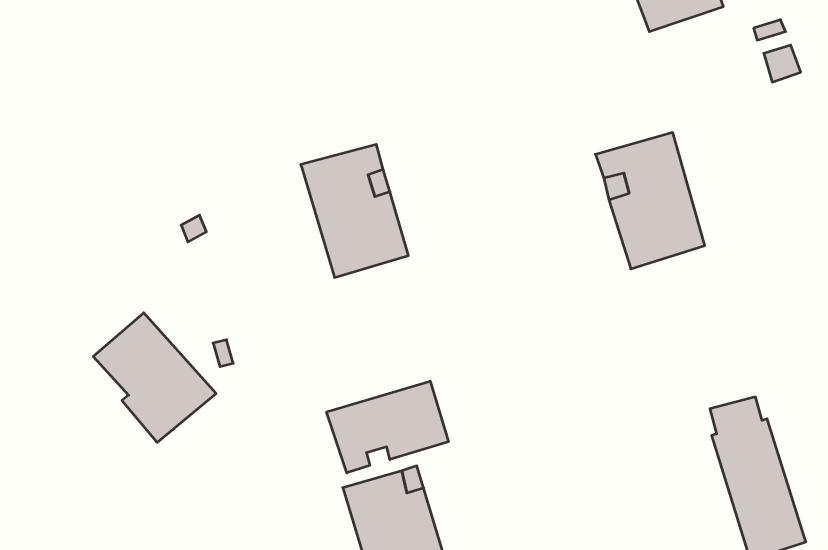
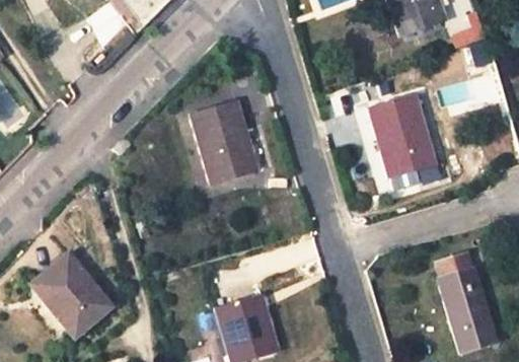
building: [93,313,216,442] -> [35,256,109,334]
building: [327,381,448,473] -> none

